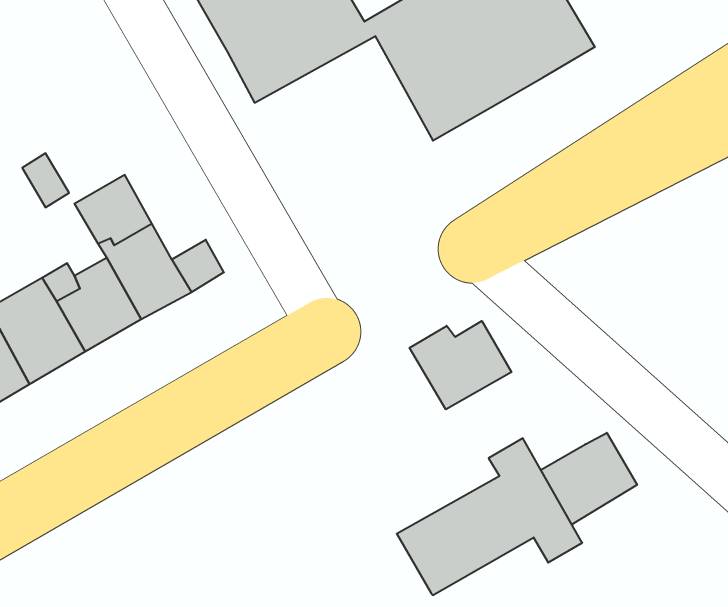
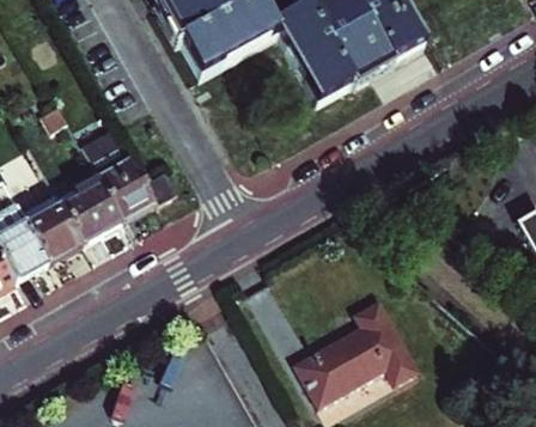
building: [410,321,511,409] -> none
building: [541,433,637,524] -> none

